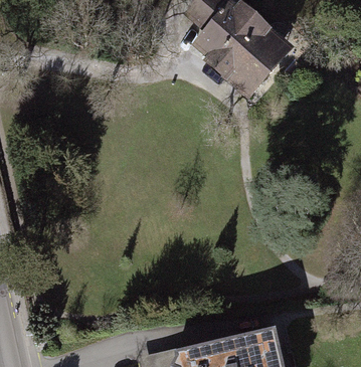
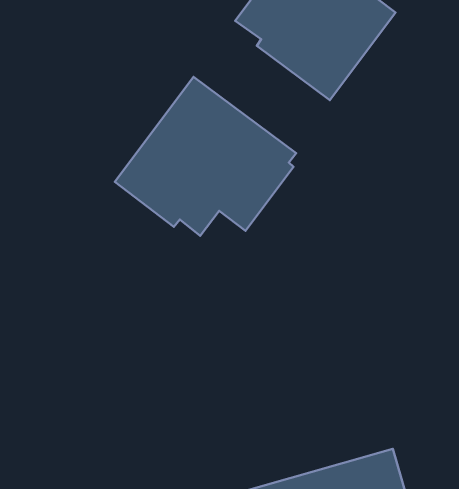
building: none -> [115,77,296,236]

